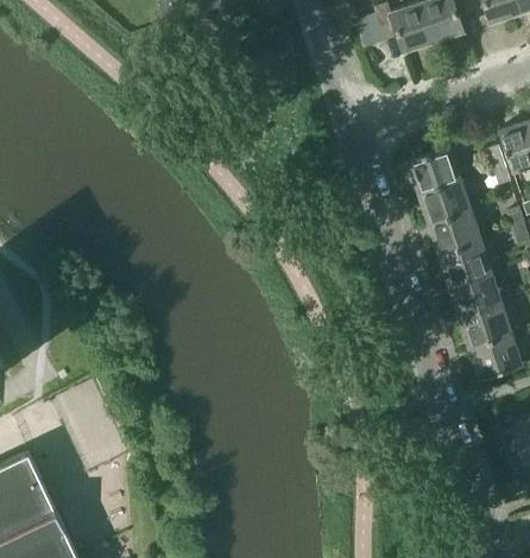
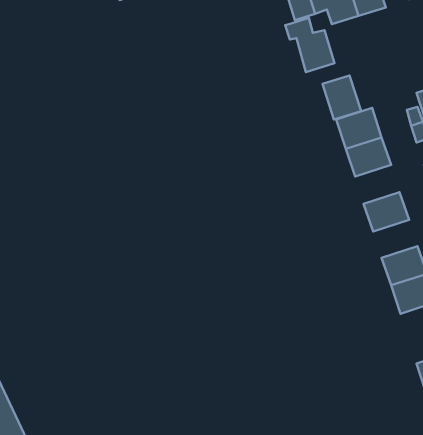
building: none -> [285,18,335,72]
building: none -> [322,76,361,119]
building: [430,211,480,255] -> none
building: [450,273,500,316] -> none

